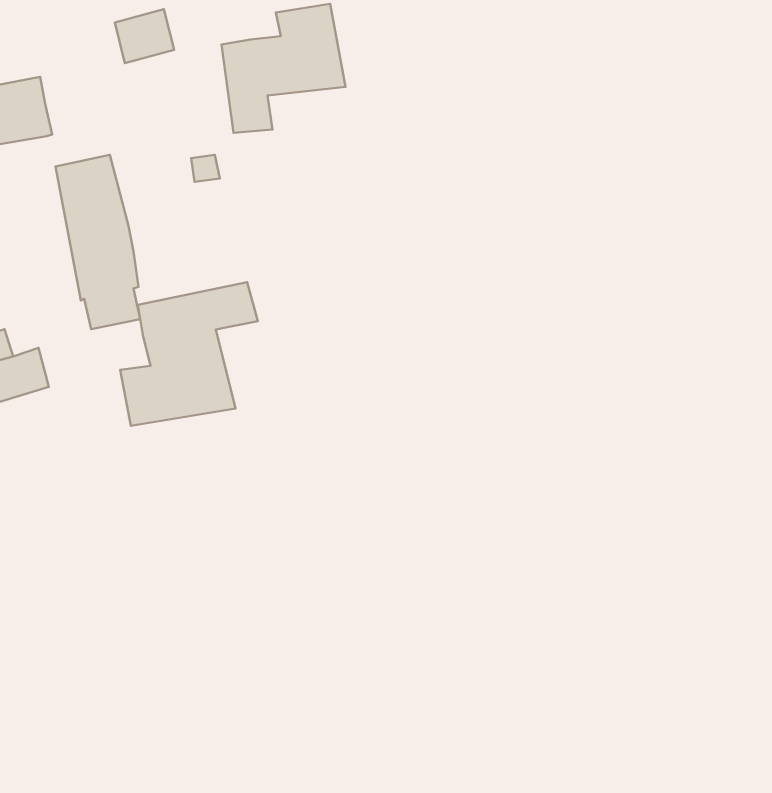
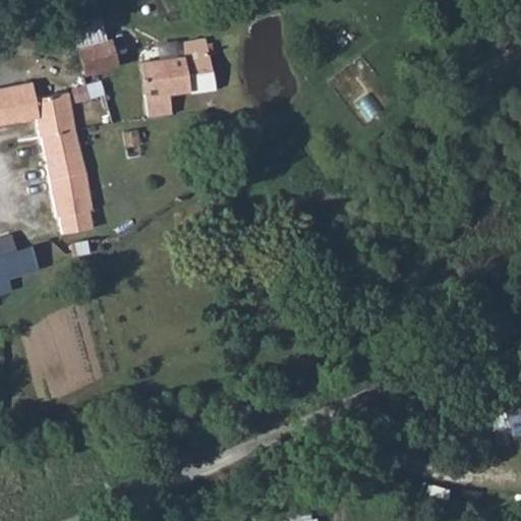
building: none -> [36,93,74,136]
building: [120,282,258,426] -> none

